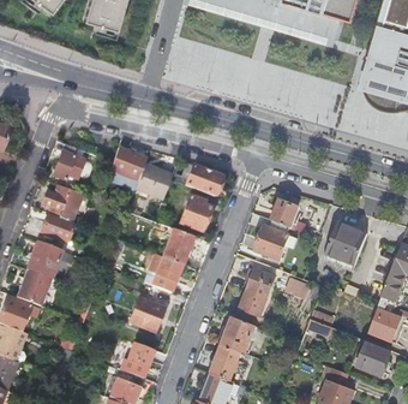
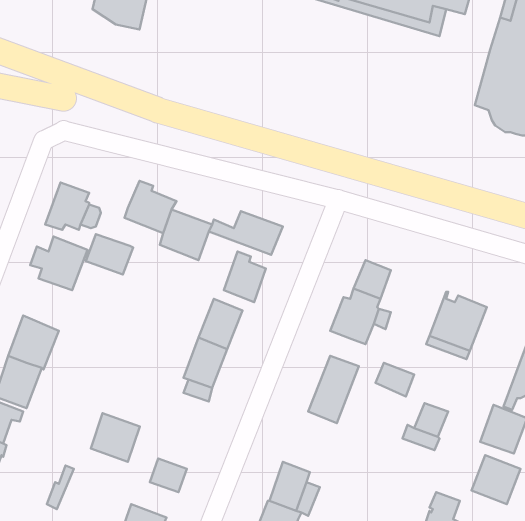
building: [41,213,74,242] -> [86,234,133,274]
building: [130,296,164,331] -> [91,413,140,462]
building: [220,316,257,354] -> none

